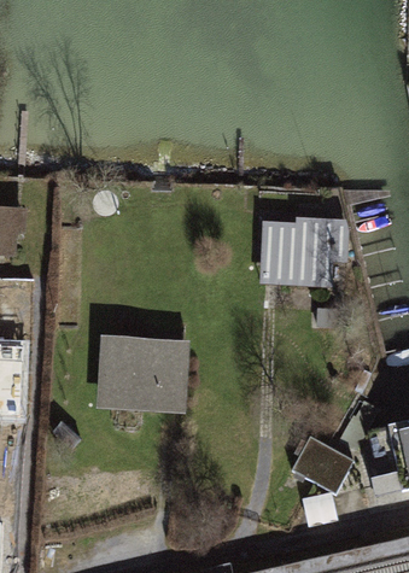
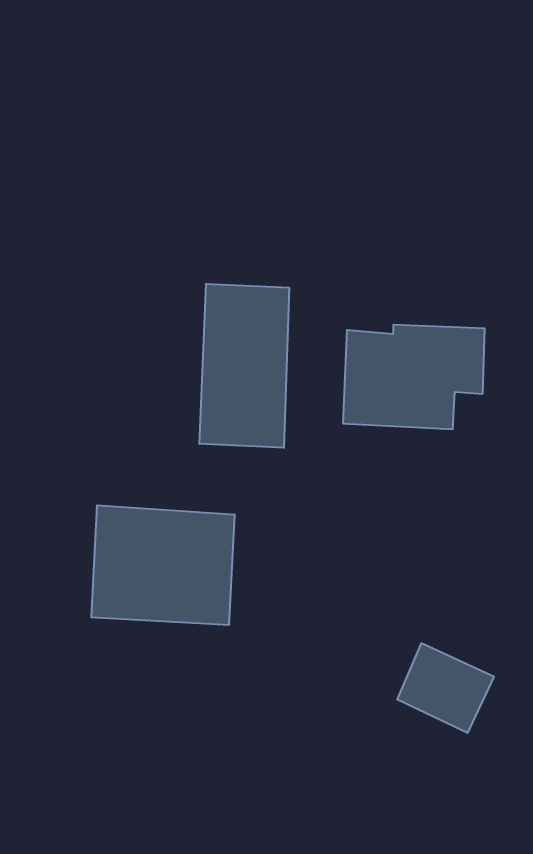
building: none -> [199,284,289,448]

